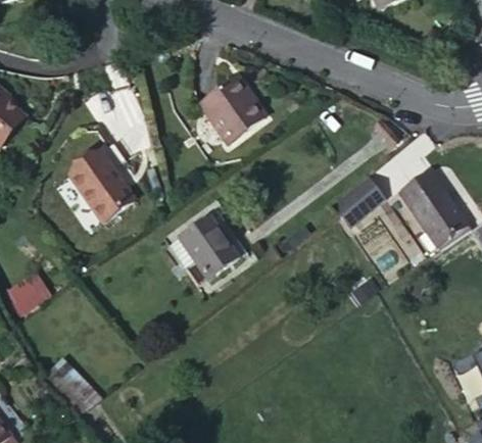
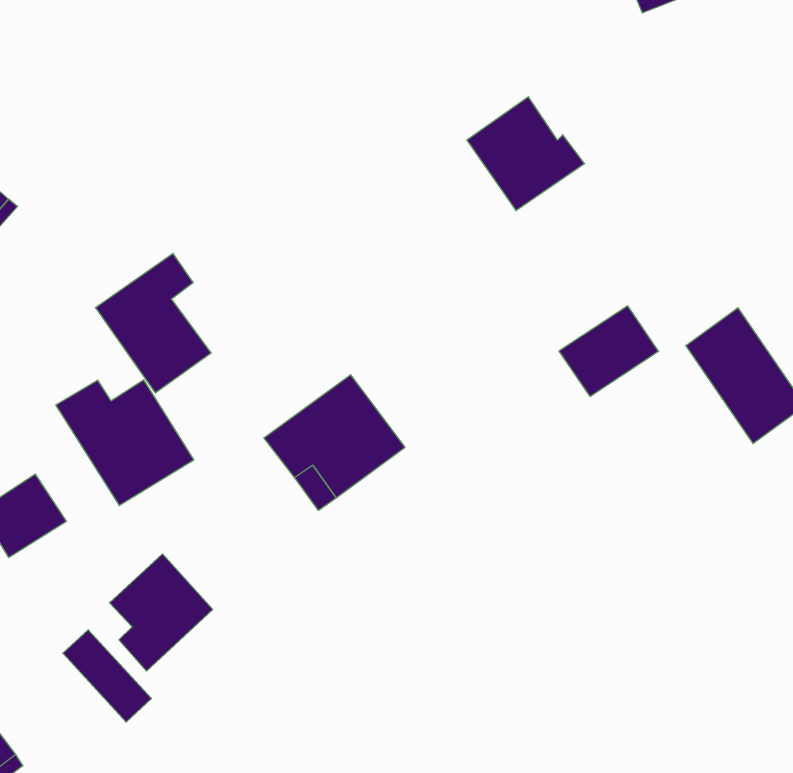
building: [198,80,264,144] -> [467,97,585,211]
building: none -> [56,380,194,506]
building: none -> [109,554,213,671]

